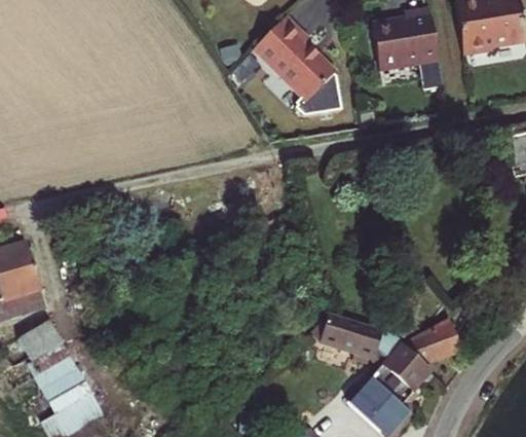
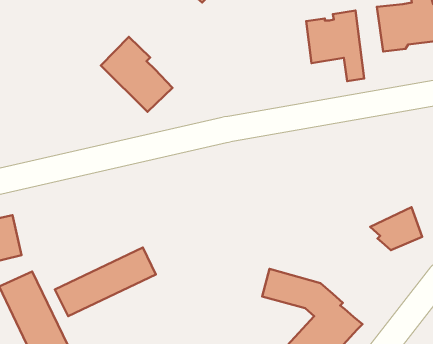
building: [249,20,331,106] -> [101,37,173,112]
building: none -> [55,247,156,316]
building: [402,317,461,366] -> [370,207,422,250]

